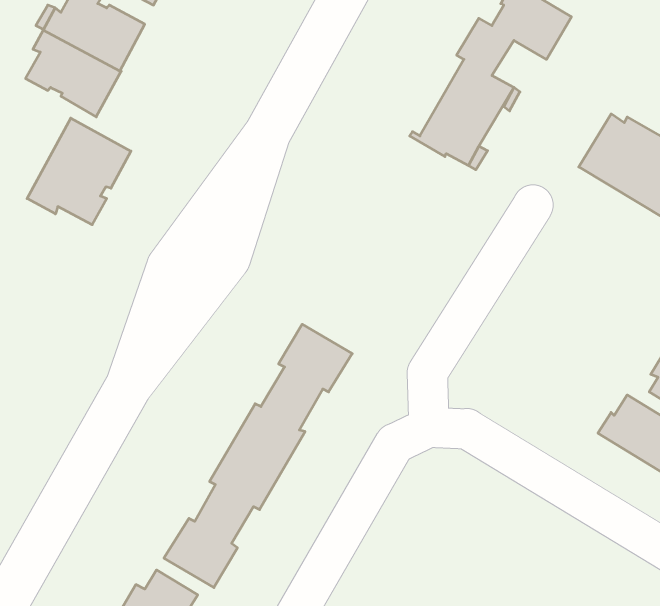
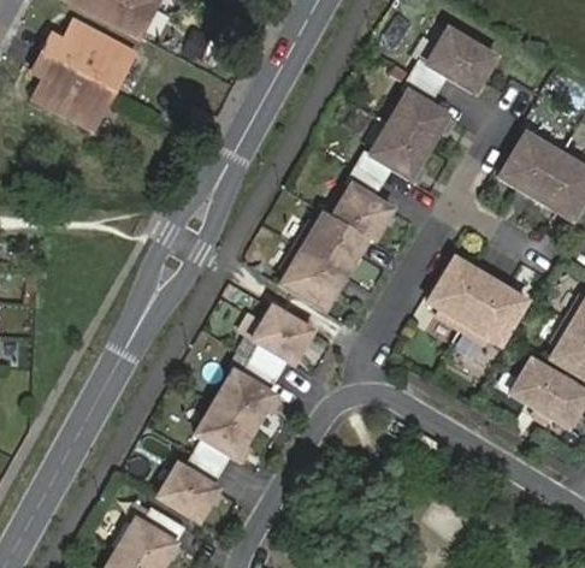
building: [27,118,131,225] -> none
building: none -> [279,150,389,308]
building: none -> [425,258,524,344]

